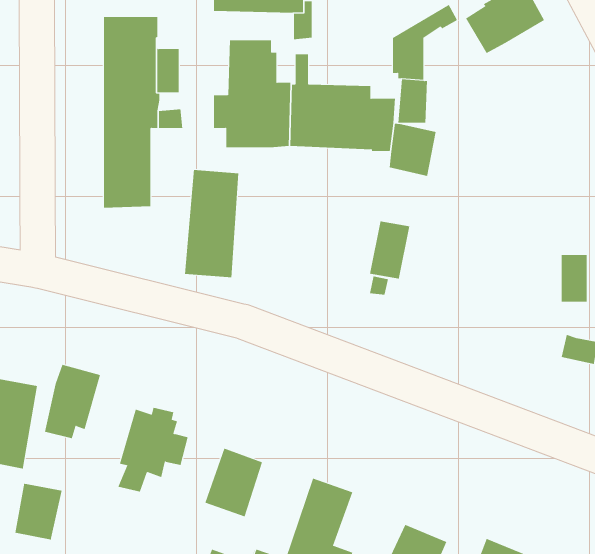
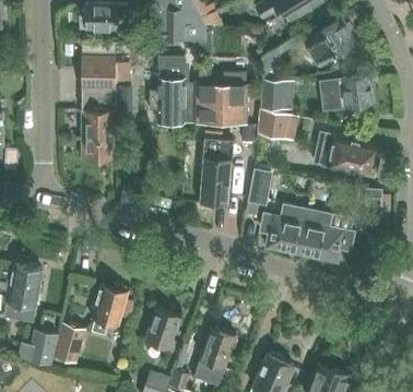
building: none -> [324,74,373,108]
building: none -> [312,131,380,176]
building: [184,169,239,278] -> [199,139,233,205]
building: none -> [260,203,354,262]
building: [44,364,101,439] -> [50,322,85,368]

